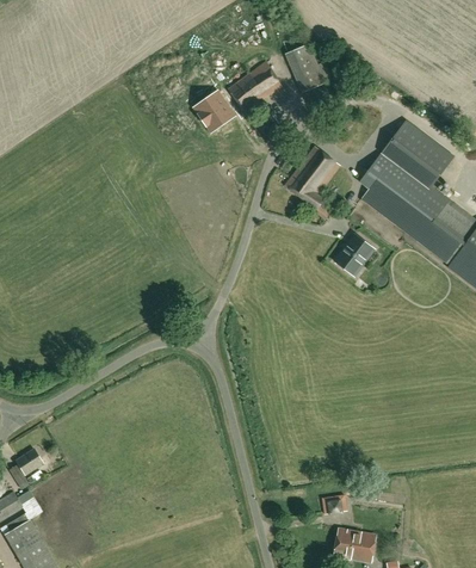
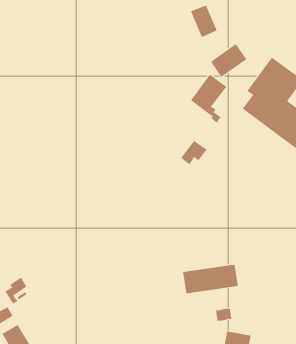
building: [228,61,283,112] -> [210,43,247,78]
building: [194,92,231,131] -> none
building: [334,234,375,271] -> [180,140,207,165]
building: none -> [183,264,238,294]

